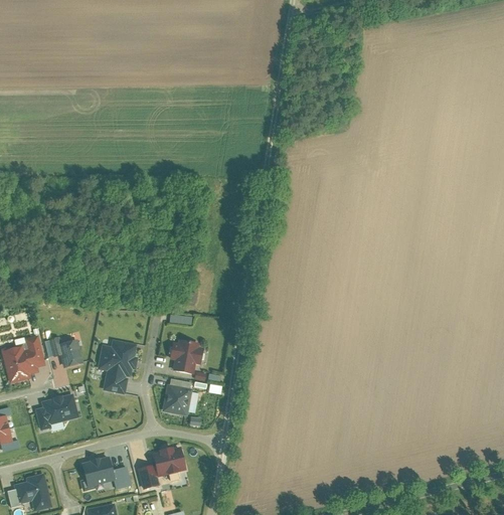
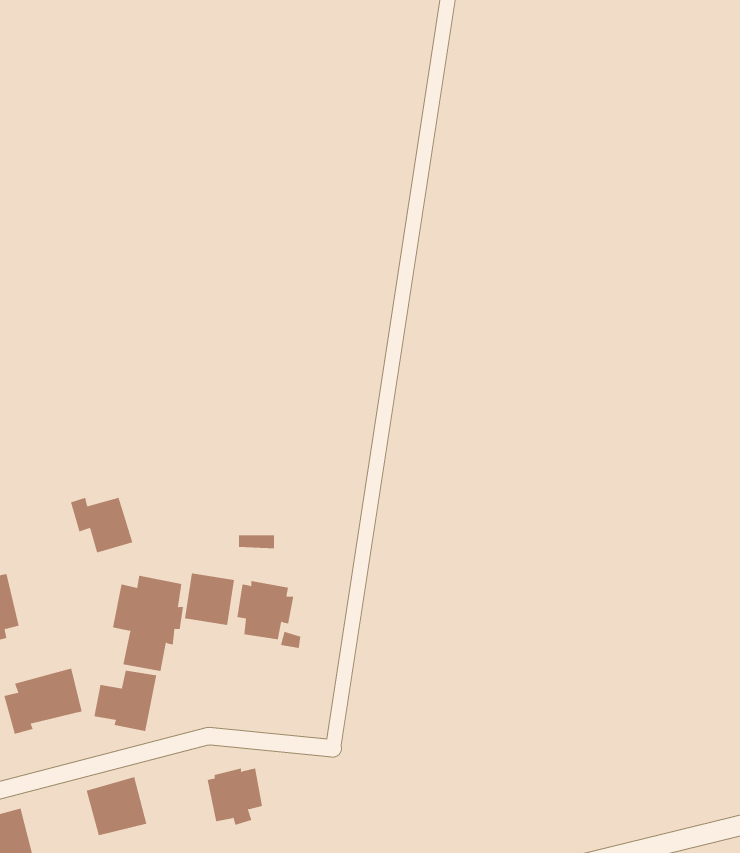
building: [47,340,83,372] -> [70,497,133,553]
building: [163,383,192,413] -> [184,573,235,625]
building: none -> [94,670,157,732]

